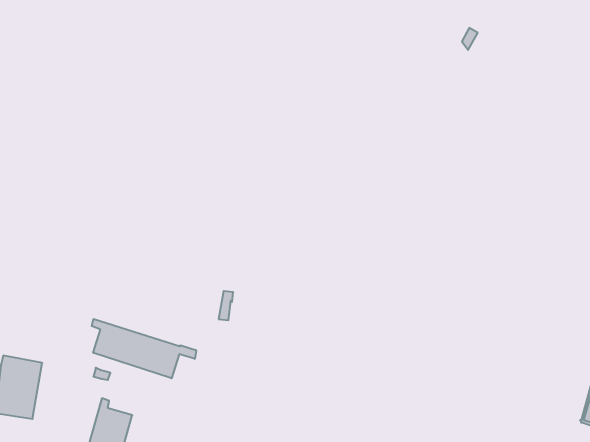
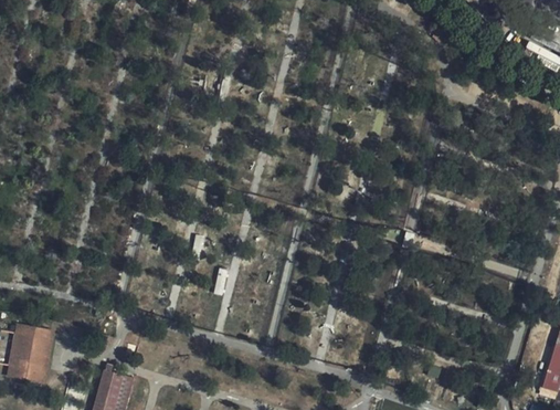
building: [92,319,196,378] -> none

